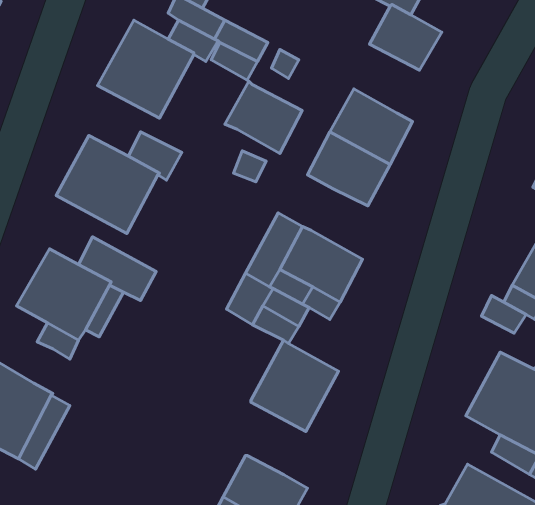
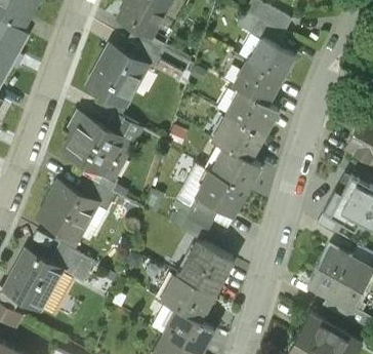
building: [225,81,302,153] -> [234,61,280,104]
building: none -> [215,149,260,191]
building: none -> [50,244,85,279]
building: none -> [163,274,212,319]

